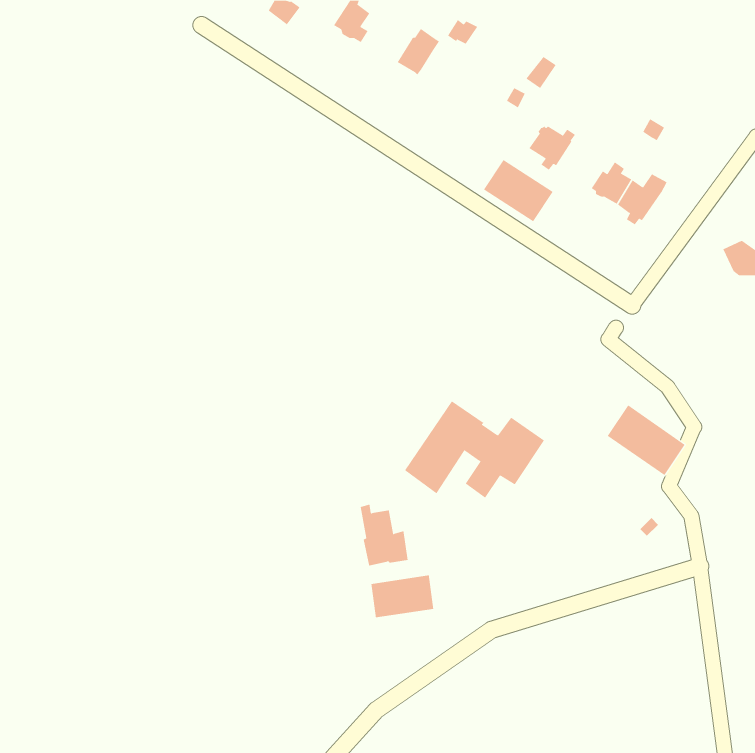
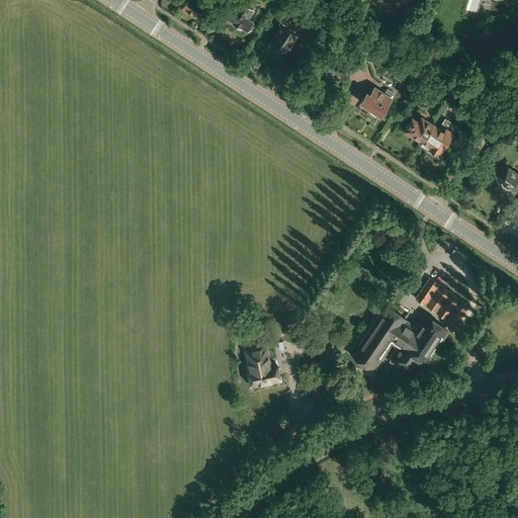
building: [483,159,554,222] -> none
building: [404,401,545,498] -> [352,307,448,373]
building: [371,575,434,618] -> none

